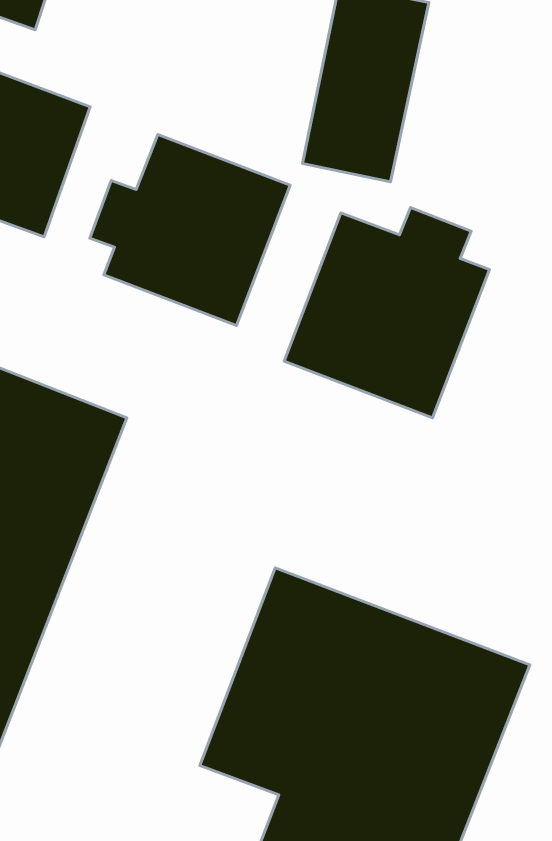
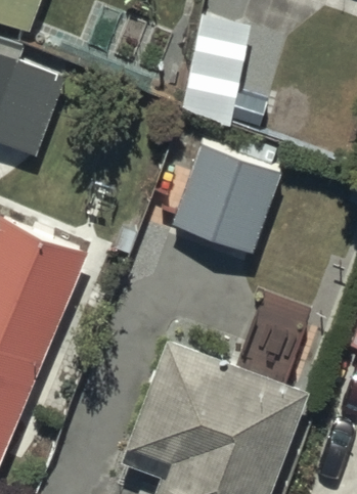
building: [90,134,290,326] -> none

